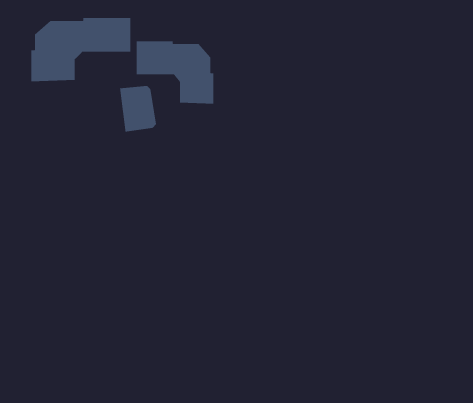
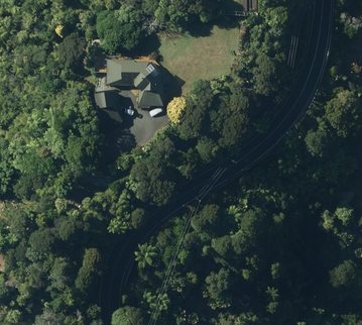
building: [30,17,131,82] -> none

